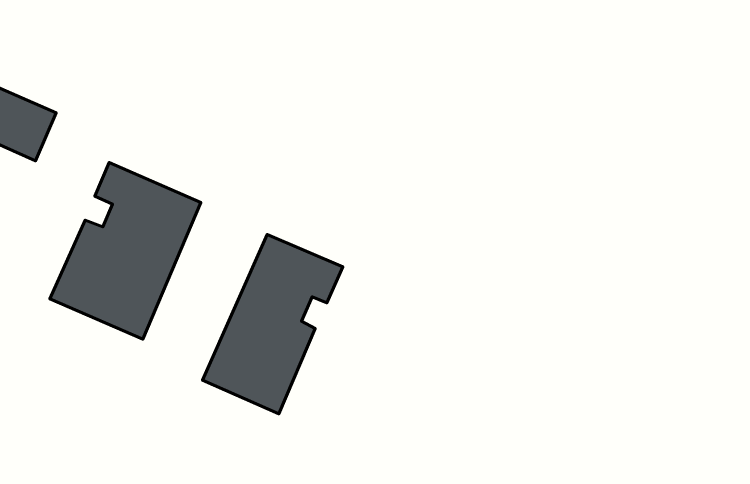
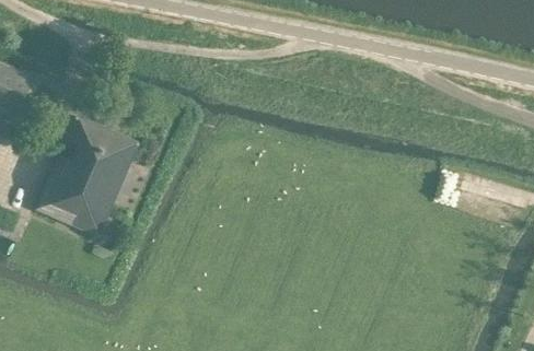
building: [202,234,343,414] -> none

